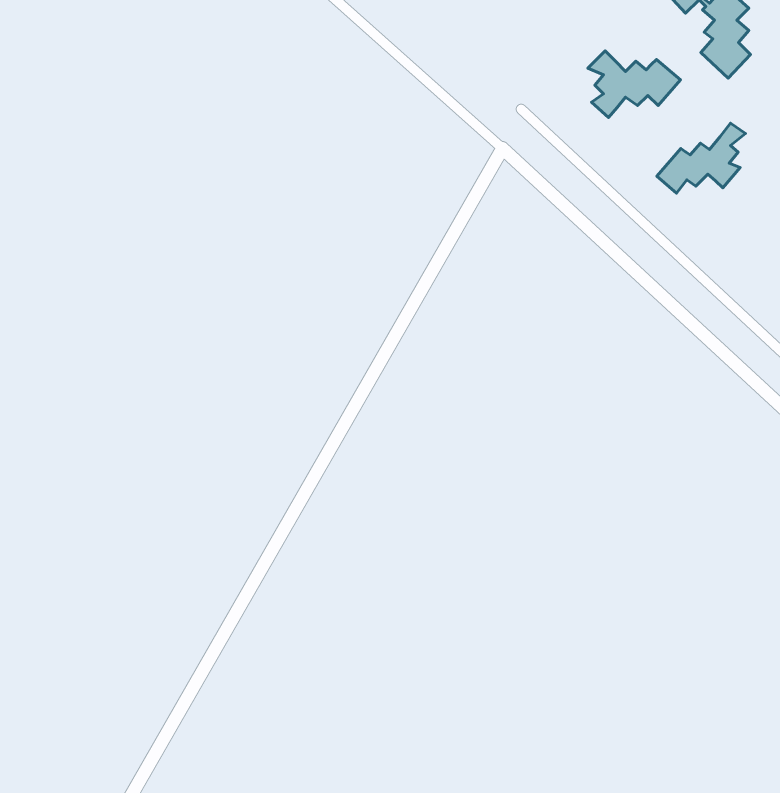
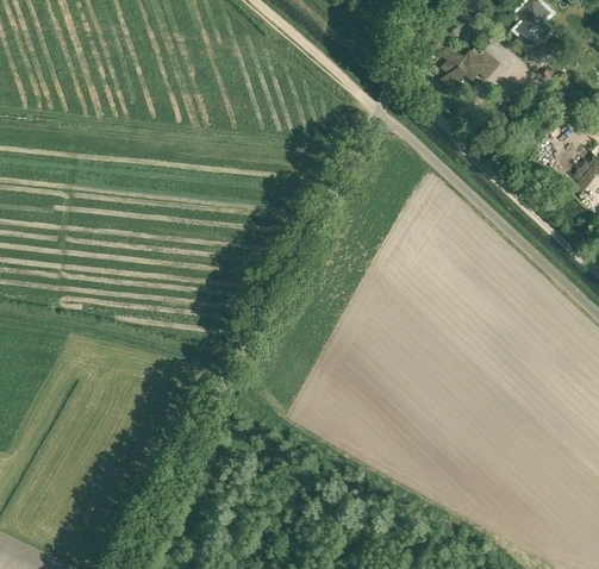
building: [657,123,746,193] -> none

